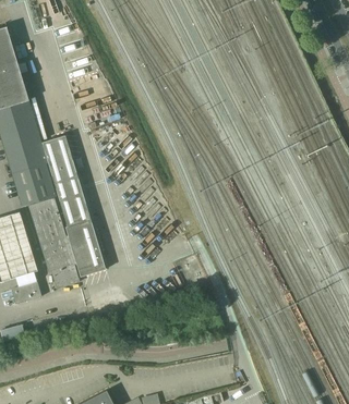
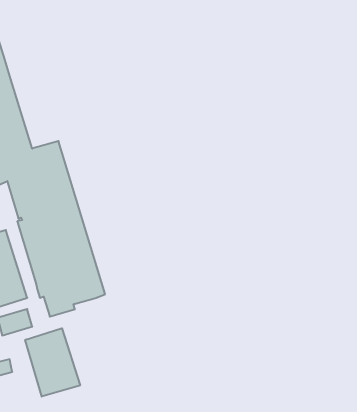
building: none -> [25,328,80,397]

